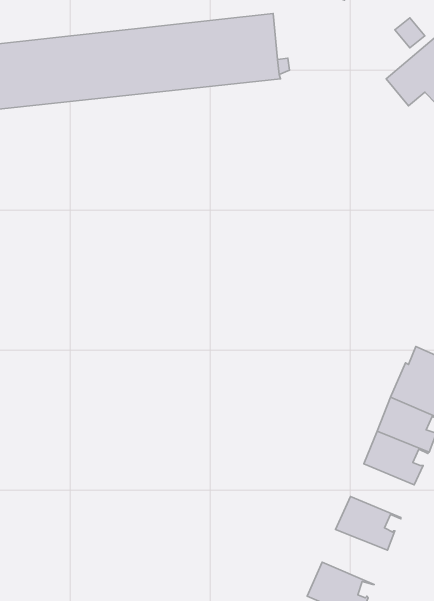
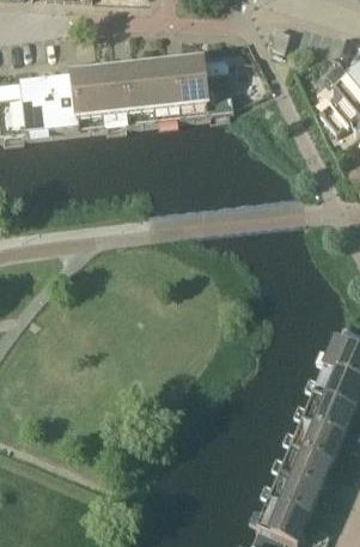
building: none -> [291,421,342,464]
building: none -> [268,474,321,518]

